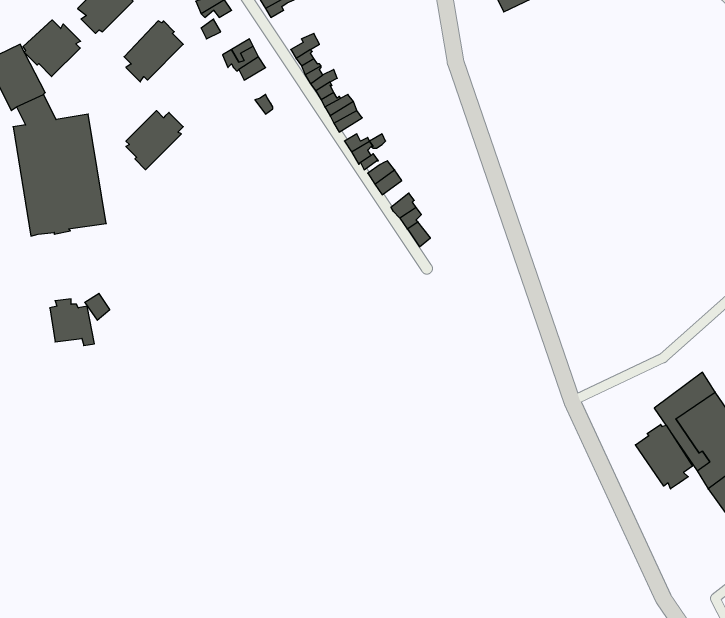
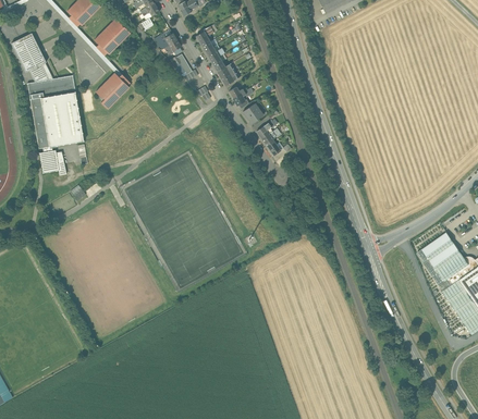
building: [23,20,81,77] -> none
building: [50,299,94,346] -> [39,147,66,175]
building: [635,424,692,489] -> none

